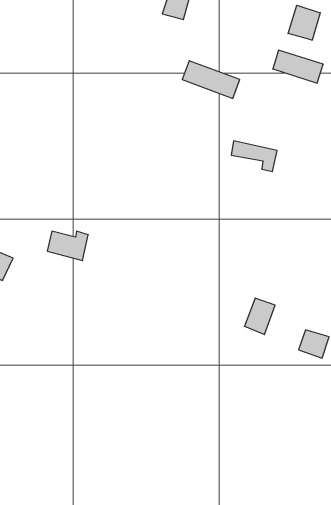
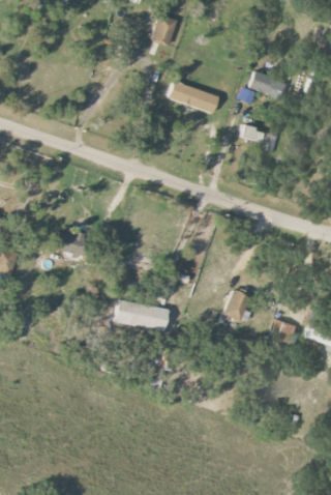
building: [288,5,320,40] -> none
building: [231,141,277,172] -> [238,125,278,152]
building: none -> [114,300,169,331]

